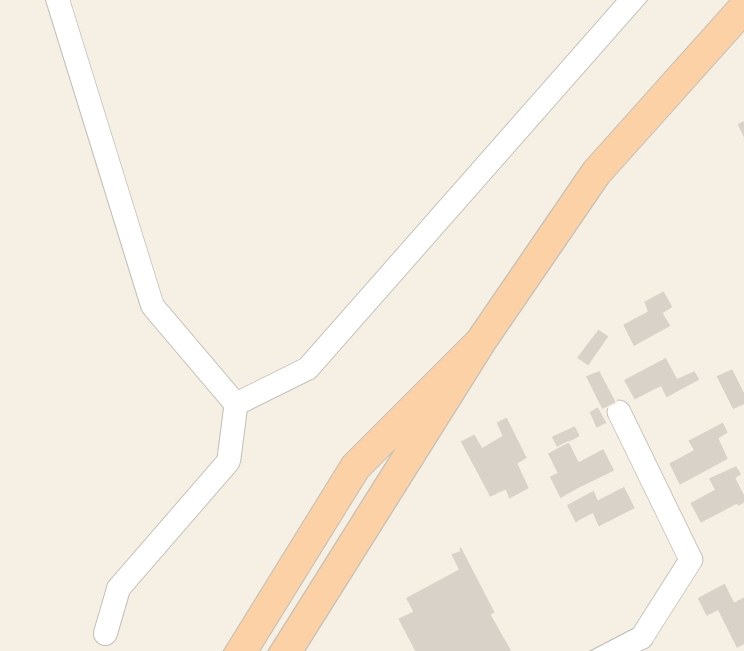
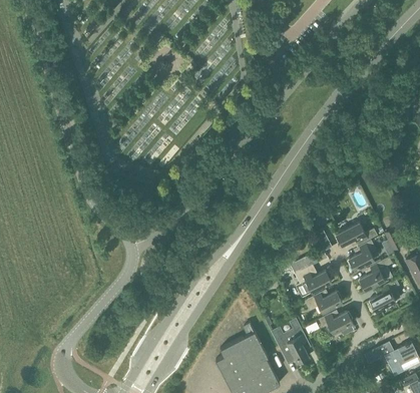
building: [622,290,673,347] -> [348,240,375,270]
building: [460,416,530,500] -> [271,318,308,362]
building: none -> [319,311,352,336]

